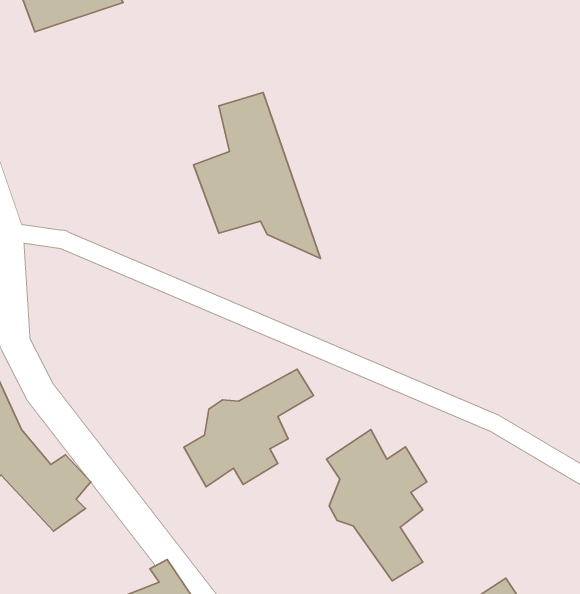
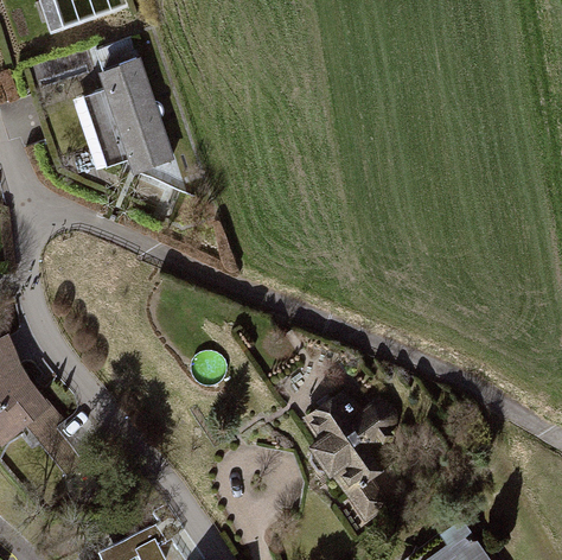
building: [193,93,321,259] -> [70,44,183,191]
building: [184,369,313,487] -> none

